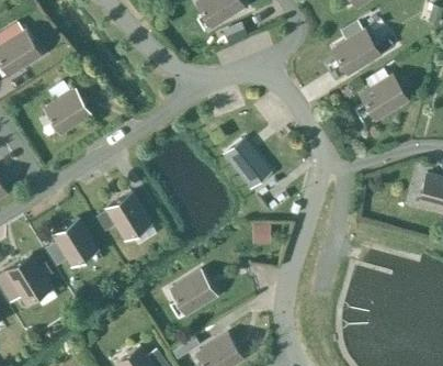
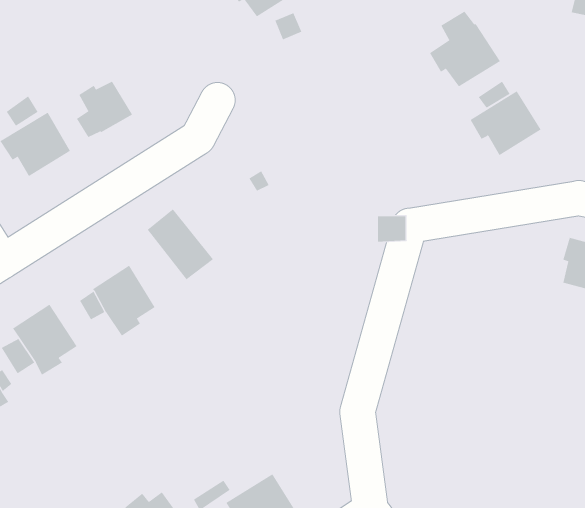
building: none -> [76,81,133,138]
building: [224,140,269,188] -> [147,209,214,280]
building: [169,269,217,313] -> none

